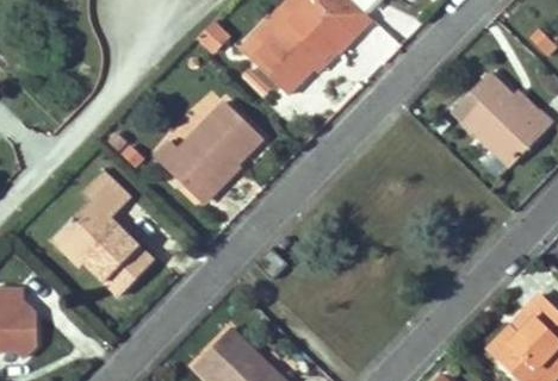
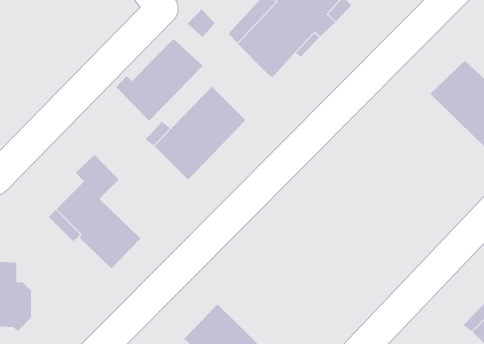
building: none -> [116,38,203,121]

